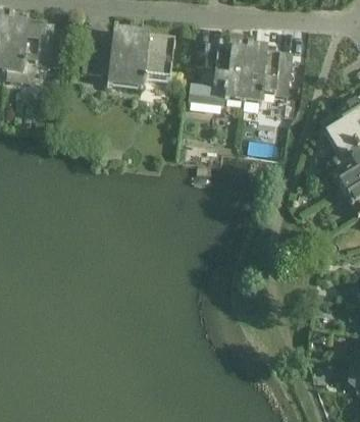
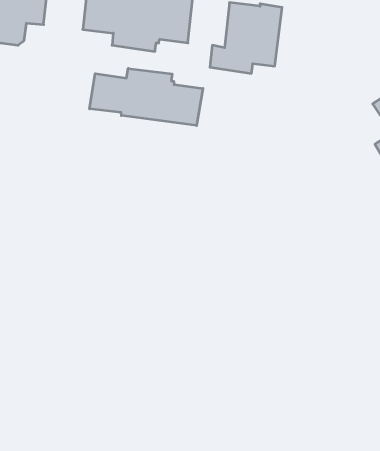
building: [244,49,294,100] -> none
building: none -> [90,68,203,126]

